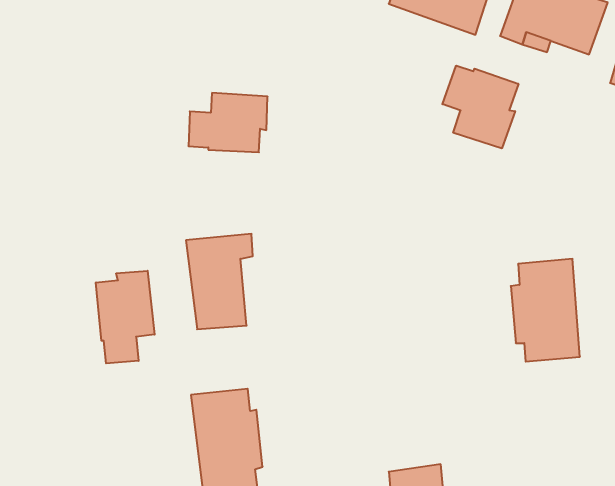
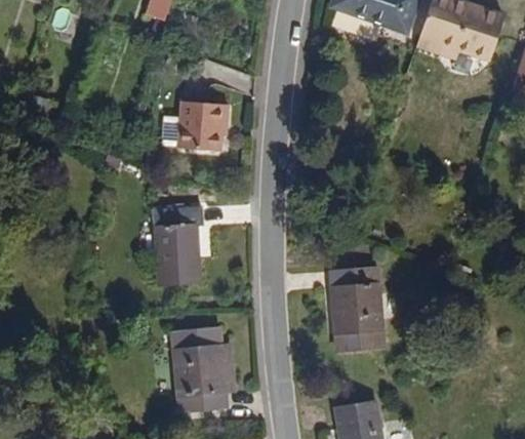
building: [442,66,518,148] -> none
building: [511,259,580,362] -> [322,257,379,343]
building: [96,271,155,363] -> none

